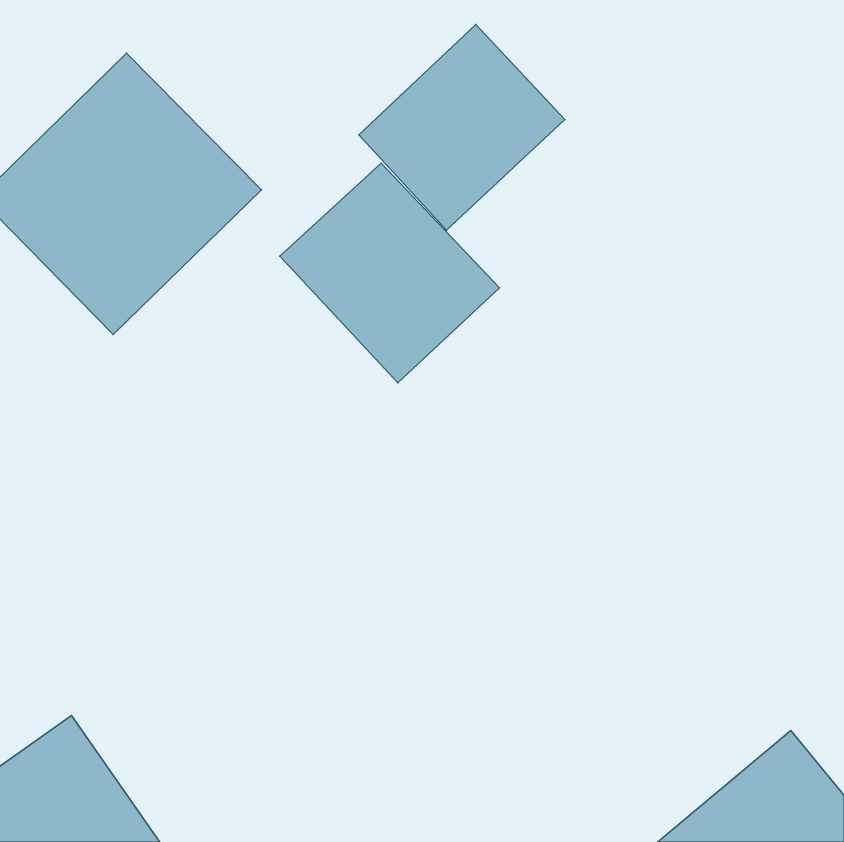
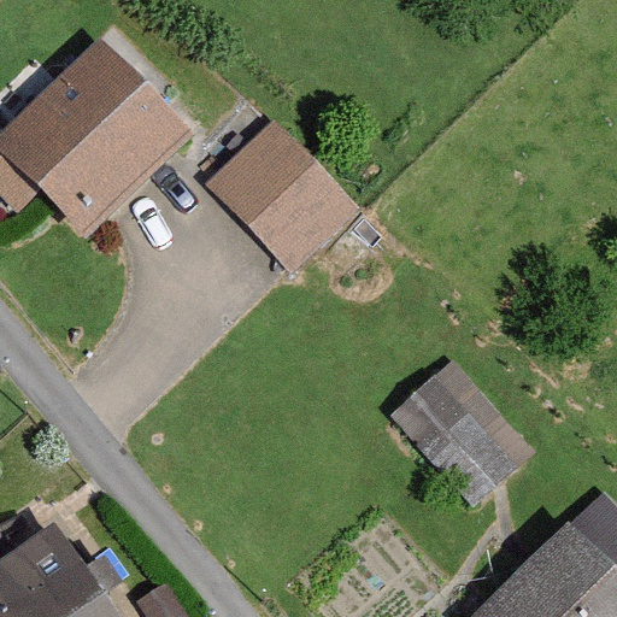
building: [359,24,565,230] -> none
building: none -> [396,362,539,510]

